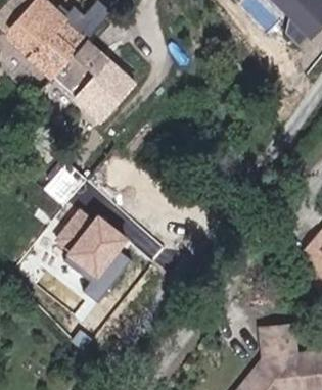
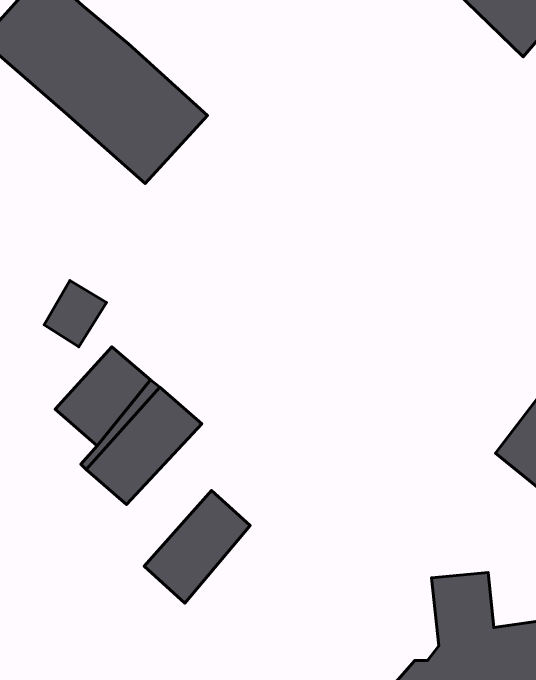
building: none -> [144,490,250,603]

